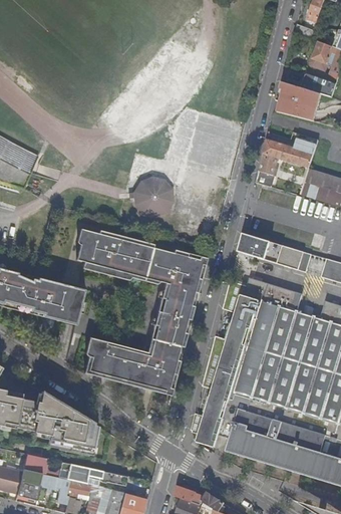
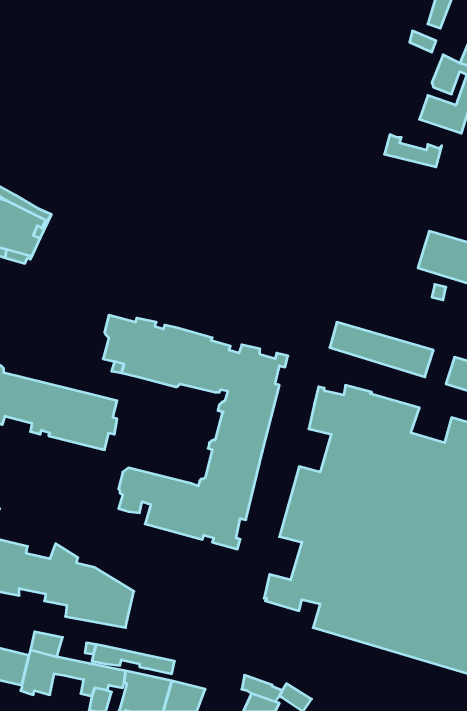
building: [280,81,320,108] -> none
building: [255,137,317,187] -> none
building: [134,176,174,215] -> none

